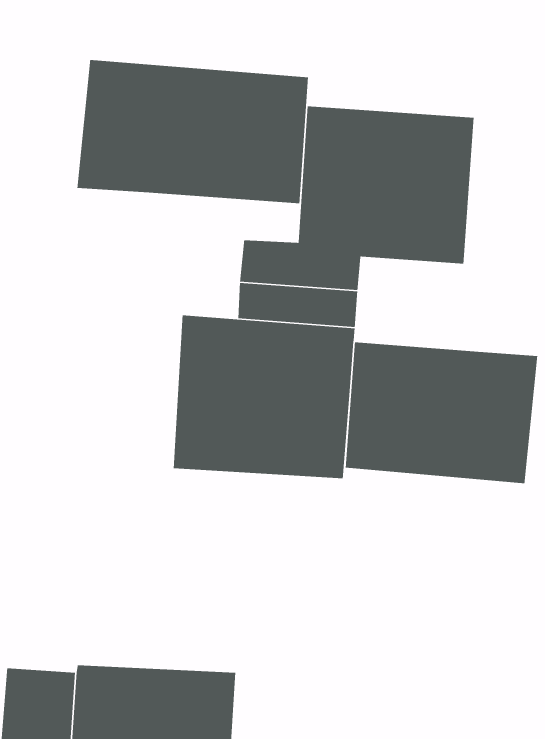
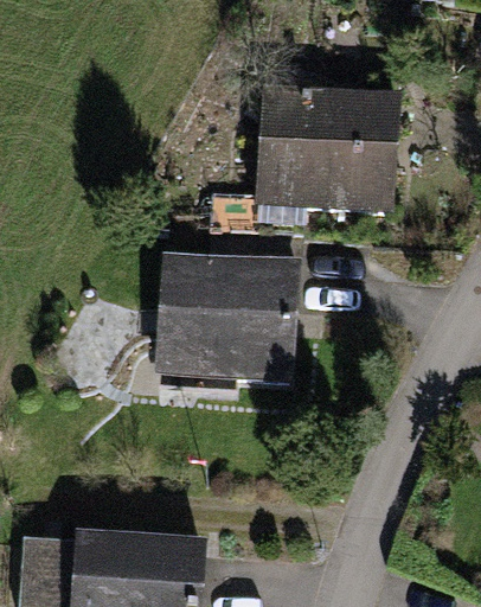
building: [77,59,309,204] -> none
building: [345,342,538,484] -> none

